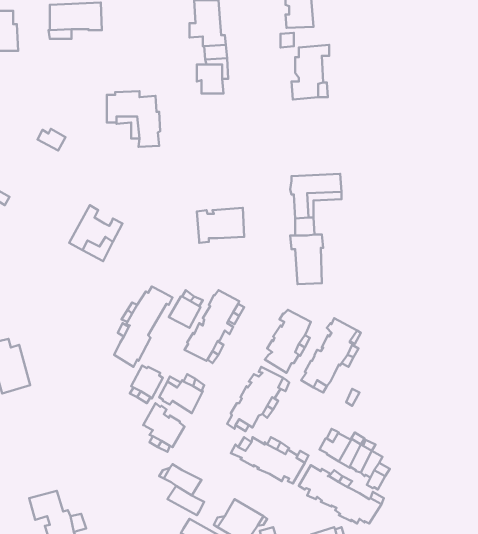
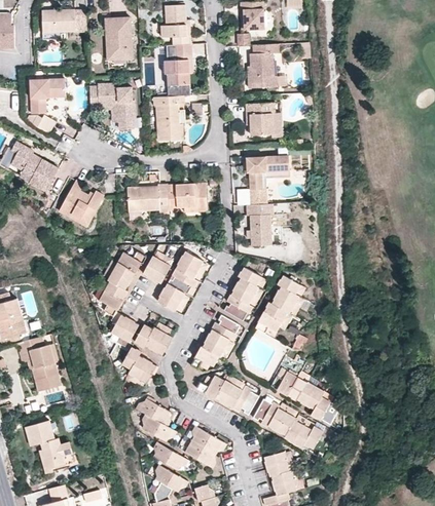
building: none -> [105,20,132,62]
building: none -> [30,79,64,114]
building: none -> [152,95,184,141]
building: none -> [246,103,274,135]
building: none -> [10,142,59,191]
building: none -> [126,183,169,212]
building: none -> [16,336,62,393]

